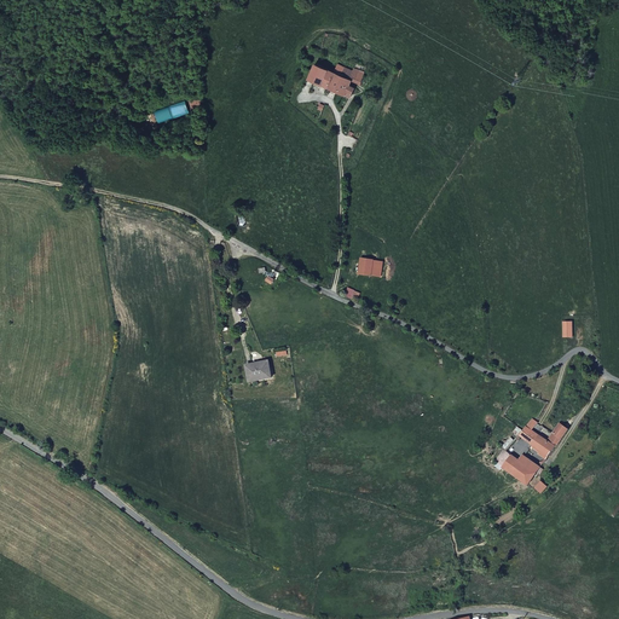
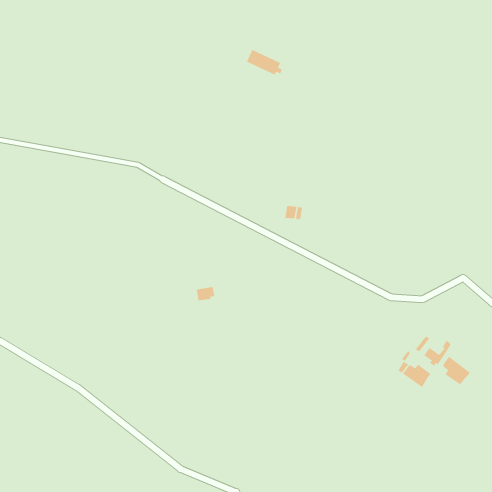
building: none -> [442,356,471,385]

